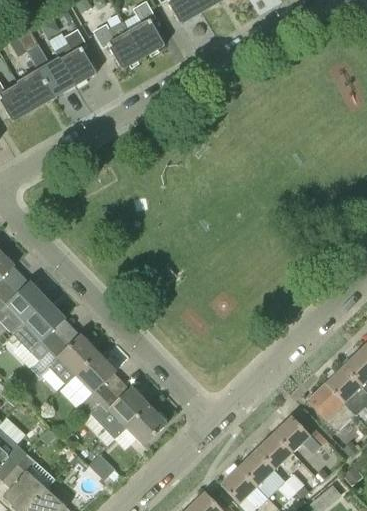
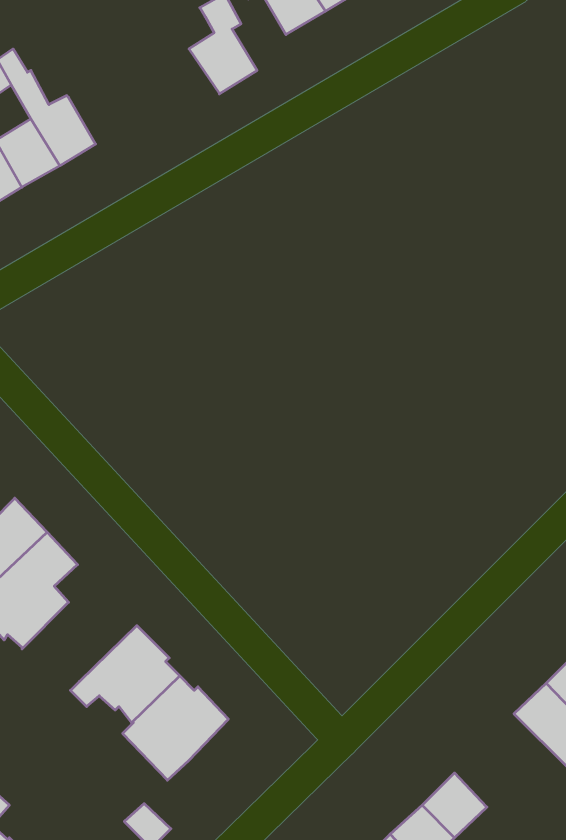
building: [93,22,143,68] -> none
building: [59,28,95,84] -> none
building: [30,334,97,383] -> none
building: [126,404,166,445] -> none
building: [274,416,320,453] -> none

